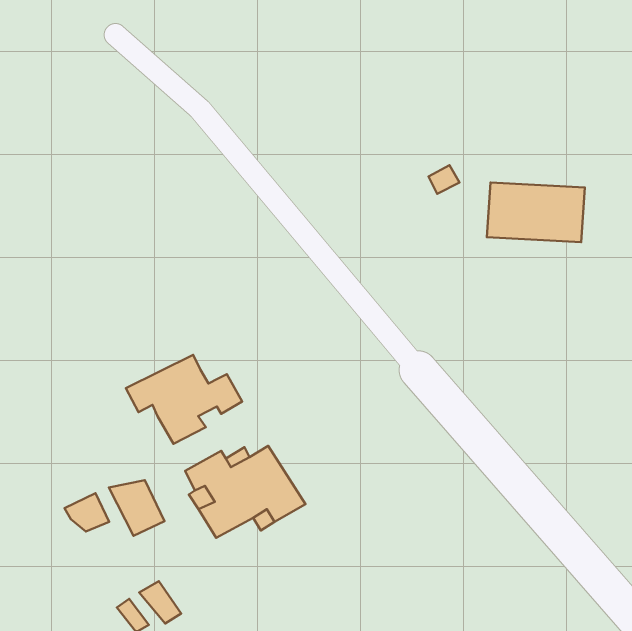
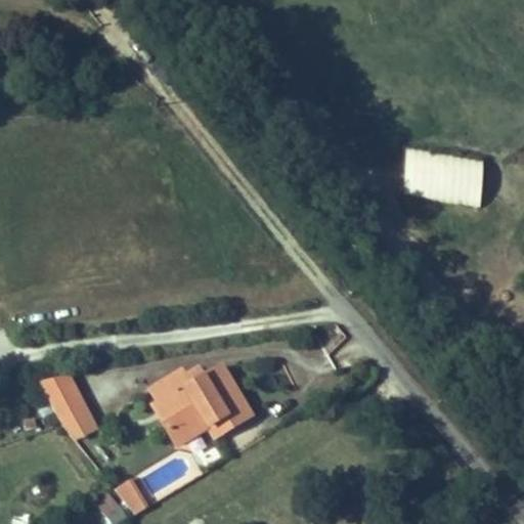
building: [126,355,242,444] -> none
building: [109,480,165,536] -> [35,373,81,419]

